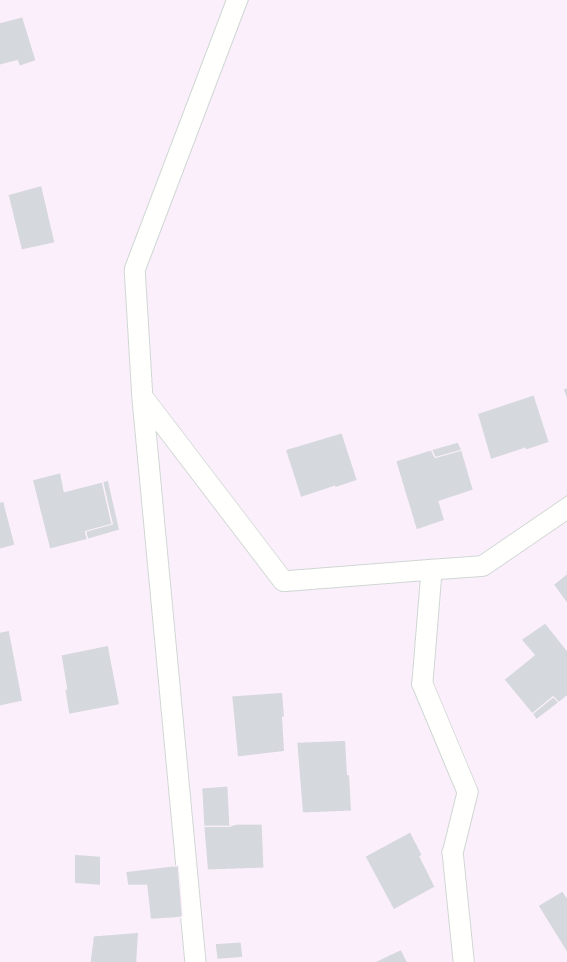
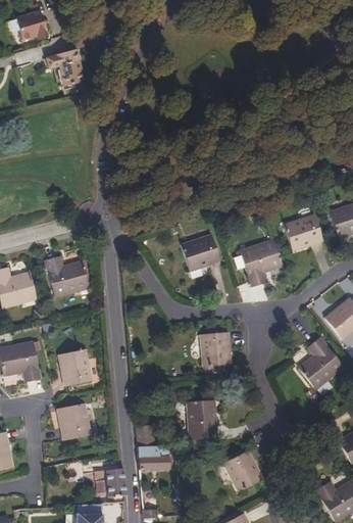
building: [8,185,55,250] -> [57,50,83,85]
building: [231,692,285,757] -> [200,332,229,367]
building: none -> [59,403,91,440]

